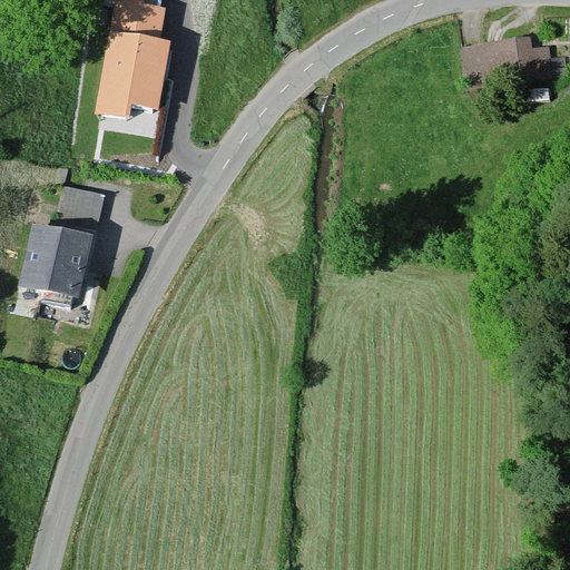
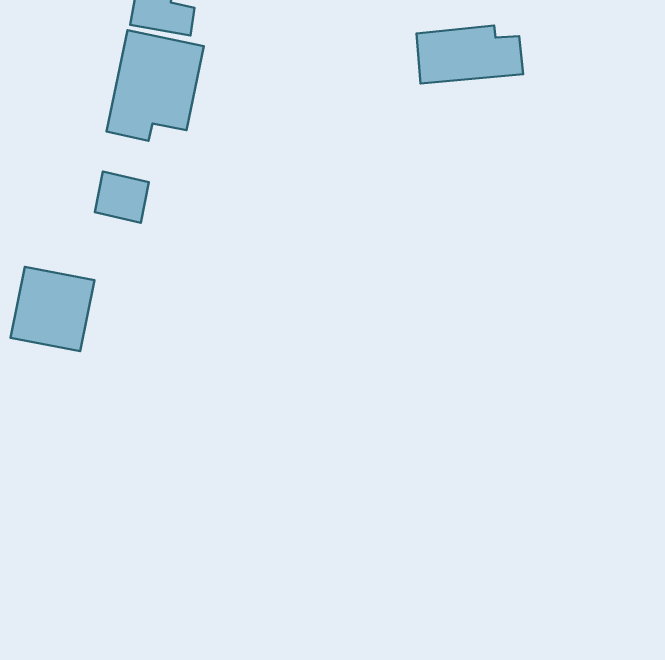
building: [463,35,553,83] -> [417,26,523,83]
building: [57,185,102,228] -> [95,172,149,223]

